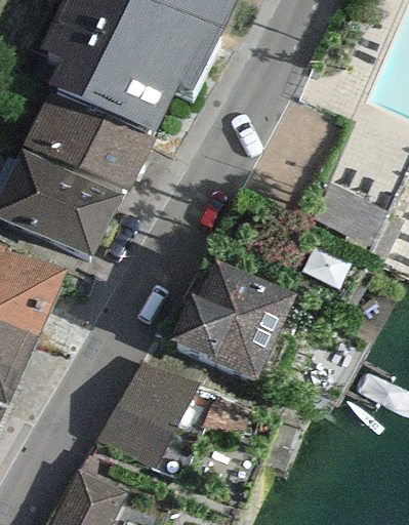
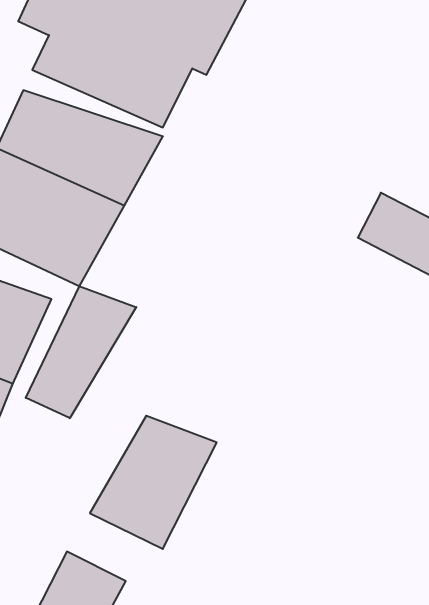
building: [170,253,298,381] -> none
building: none -> [26,286,136,418]

